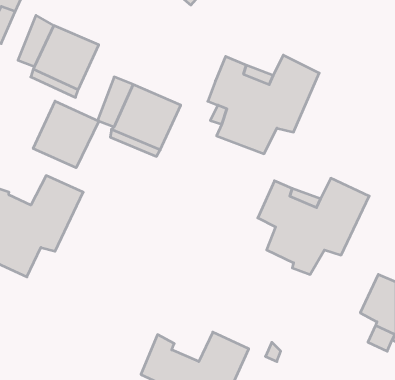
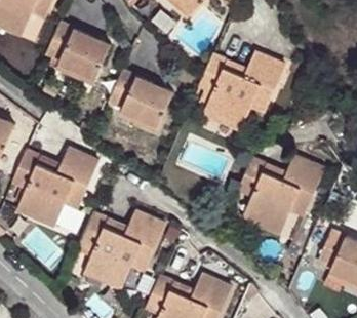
building: [33,101,99,168] -> none
building: none -> [79,210,167,289]

